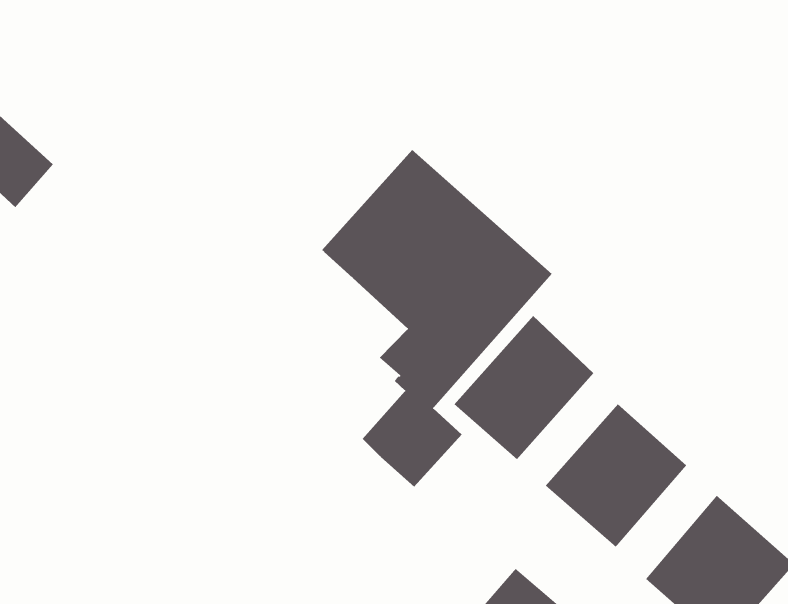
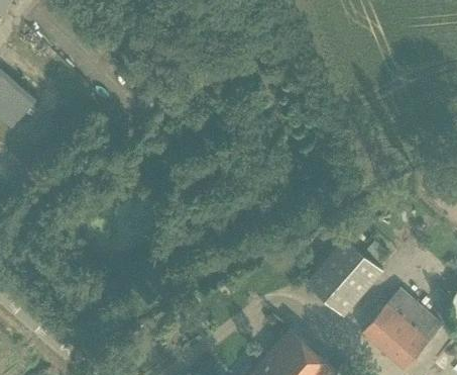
building: [321,149,553,487] -> none
building: [454,315,594,460] -> none

